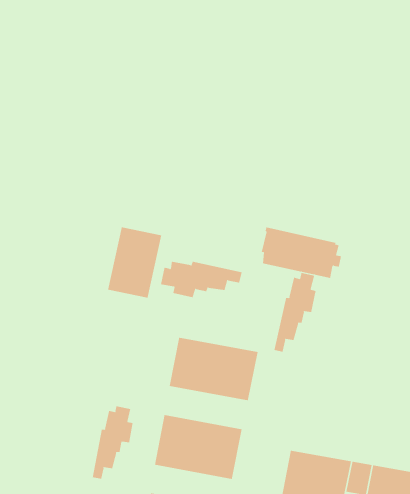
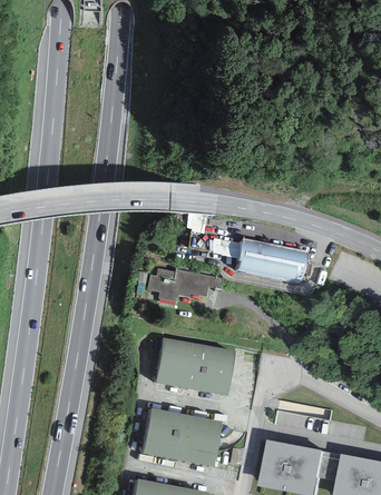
building: [108,226,162,299] -> none
building: [274,272,316,352] -> none
building: [92,406,133,480] -> none

